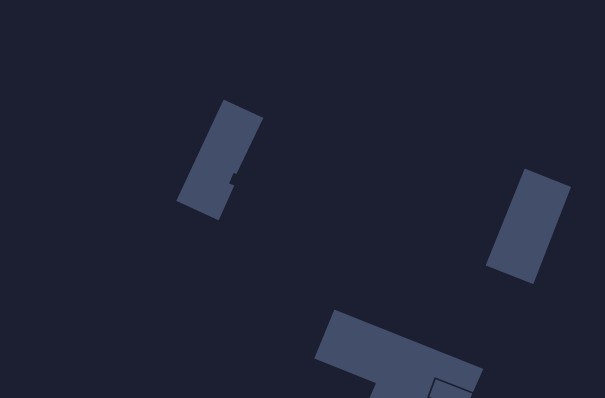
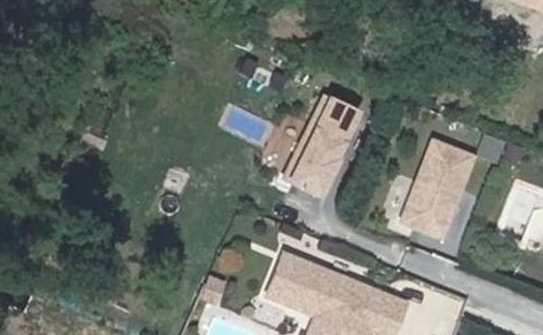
building: [175,98,264,222] -> [286,97,359,197]

